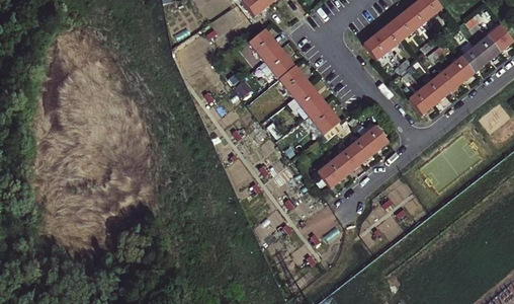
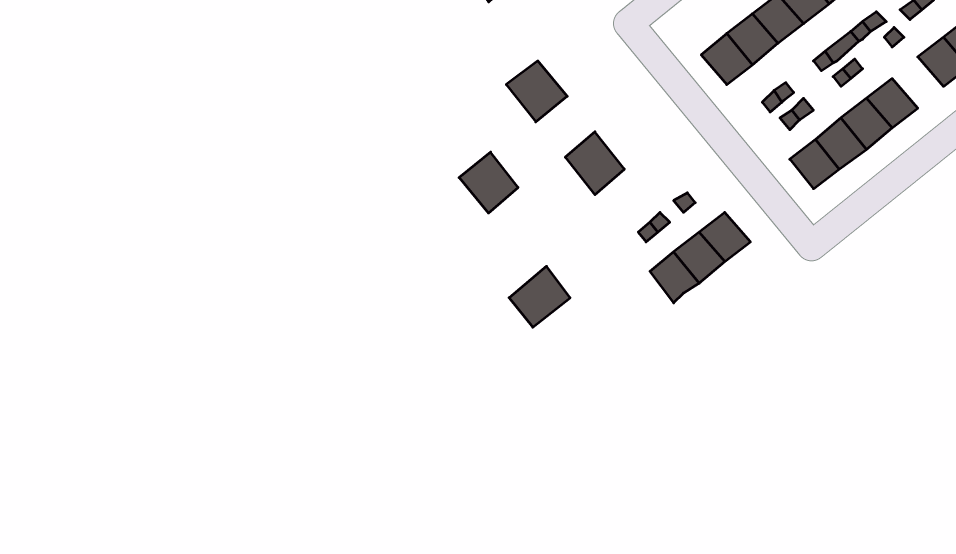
building: [249,29,279,60] -> none
building: [458,41,488,72] -> none
building: [278,66,309,97] -> [459,152,518,213]
building: [309,103,339,134] -> none
building: [318,156,349,187] -> [509,266,570,327]

